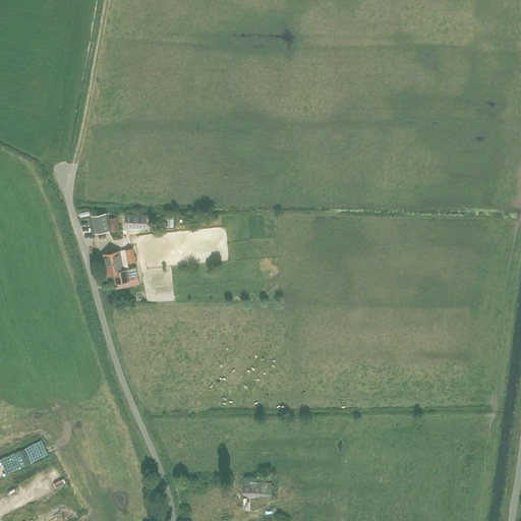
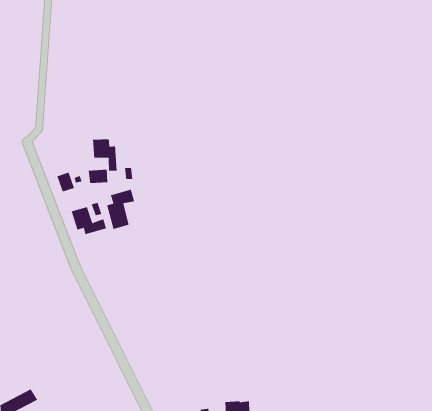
building: none -> [92,139,117,172]
building: none -> [107,189,135,230]

